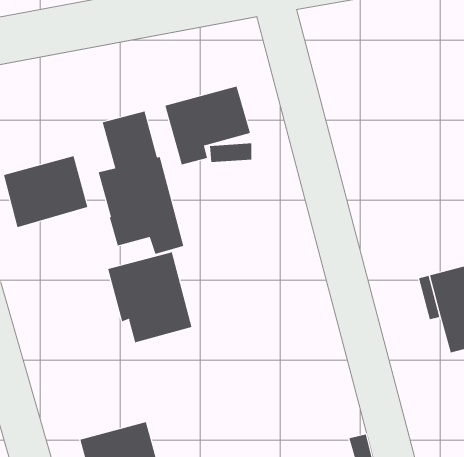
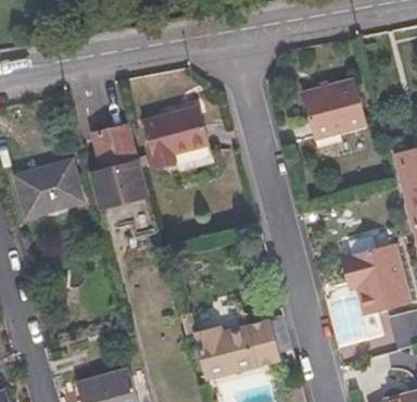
building: none -> [302,79,367,138]
building: [107,252,192,343] -> none
building: none -> [195,321,278,378]

